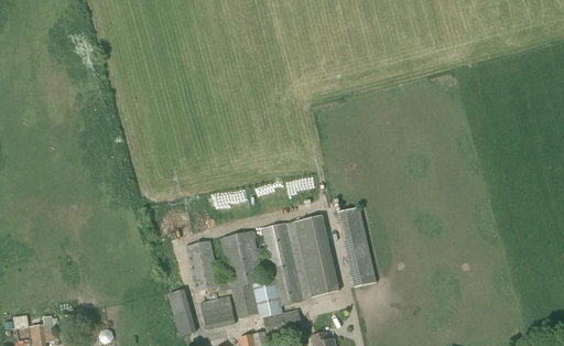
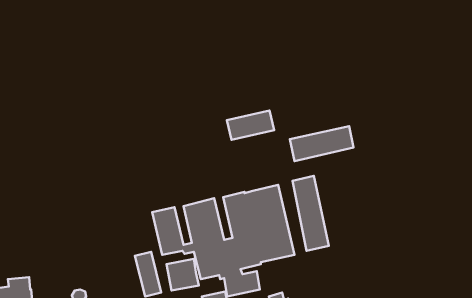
building: none -> [227,110,274,140]
building: none -> [290,126,354,161]

